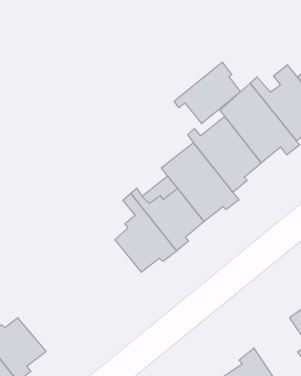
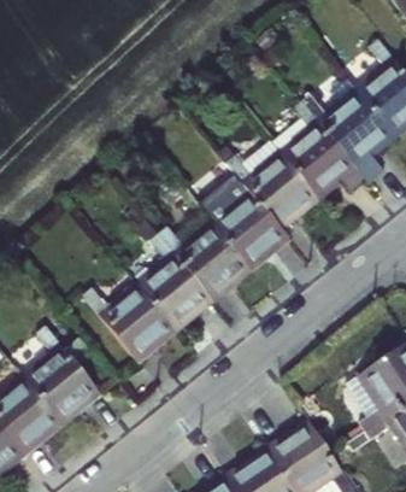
building: [174,62,240,124] -> none
building: none -> [84,289,172,365]
building: none -> [25,327,101,422]

